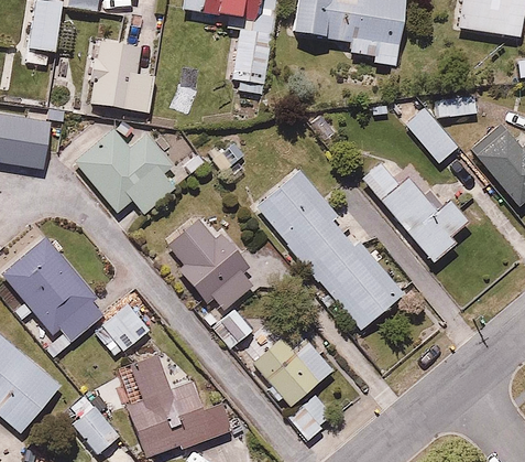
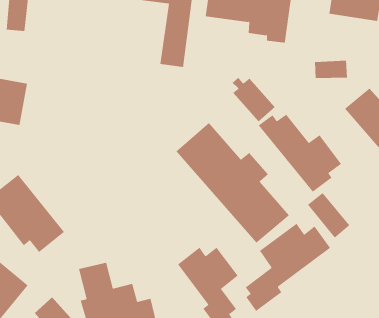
building: [86,36,156,114] -> none
building: [402,105,459,164] -> [232,77,275,122]
building: [74,122,184,214] -> none
building: [166,216,251,348] -> none
building: none -> [307,192,350,239]
building: [96,302,151,356] -> none
building: none -> [245,223,331,312]

